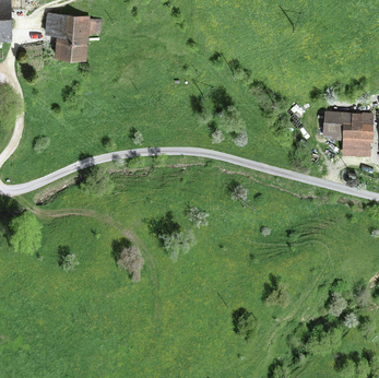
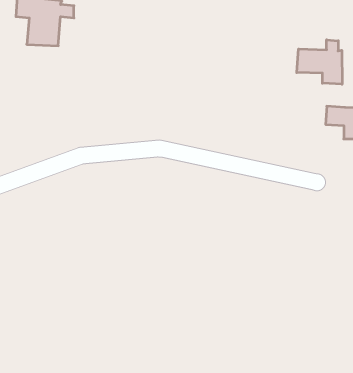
building: none -> [297,40,342,84]

